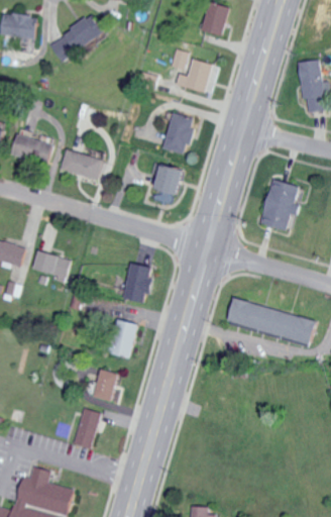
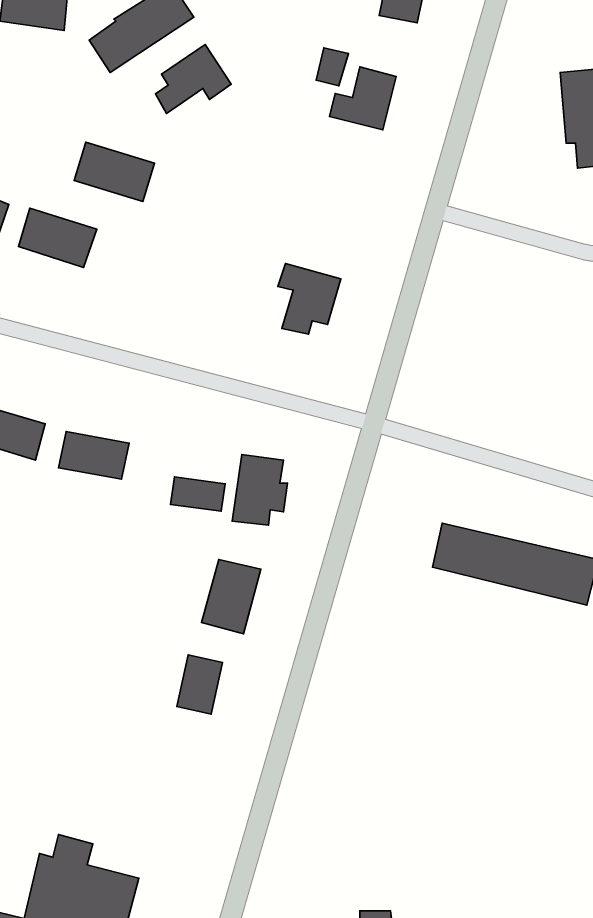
building: none -> [156,45,231,113]
building: [161,111,193,152] -> none
building: [60,148,102,180] -> [74,142,154,201]
building: [259,179,298,231] -> none
building: none -> [171,477,225,511]
building: [74,408,99,448] -> none

